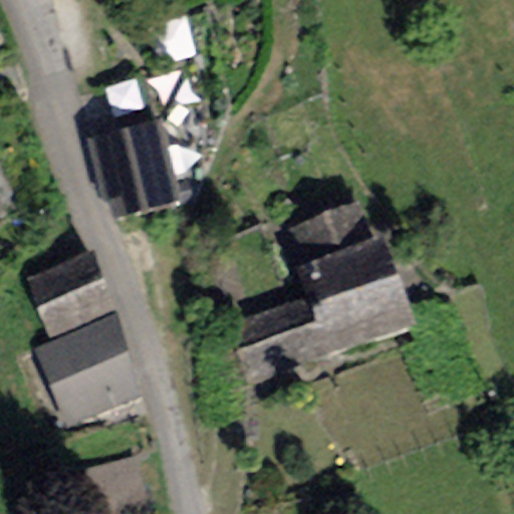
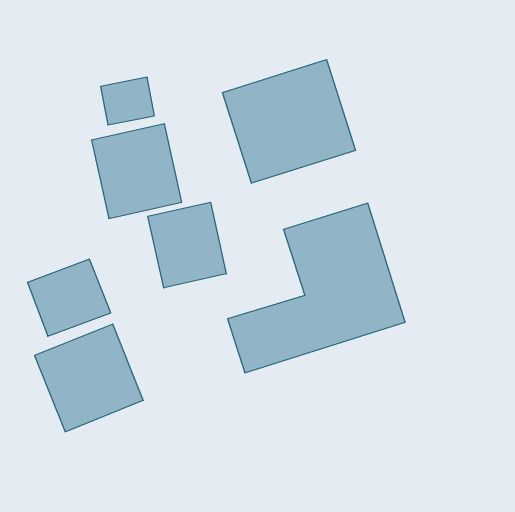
building: none -> [223,60,355,183]
building: none -> [148,202,226,288]

